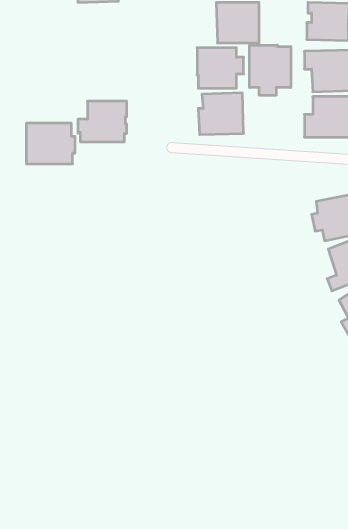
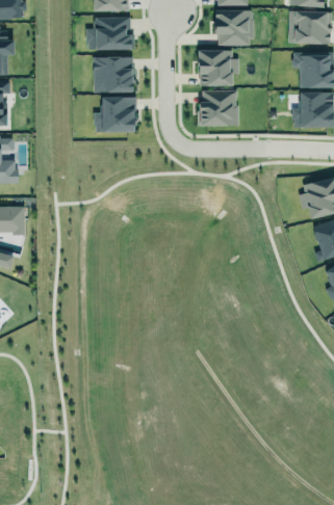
building: none -> [86,16,136,51]
building: [250,45,291,95] -> none
building: [26,123,75,164] -> [94,57,136,92]

